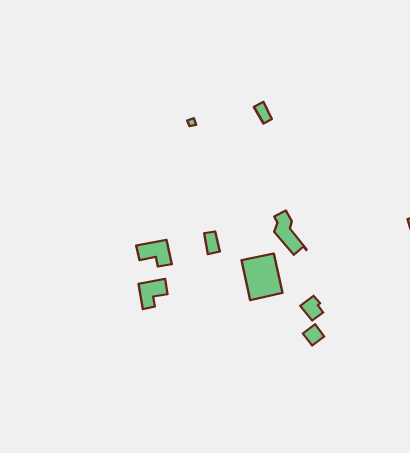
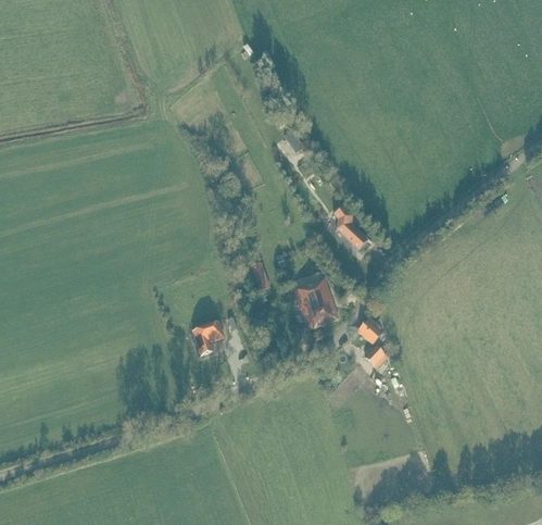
building: [274,211,306,255] -> [333,205,370,249]
building: [136,240,172,266] -> none

